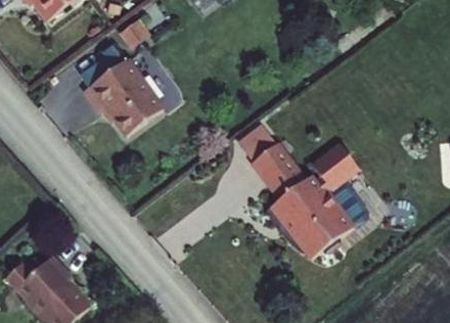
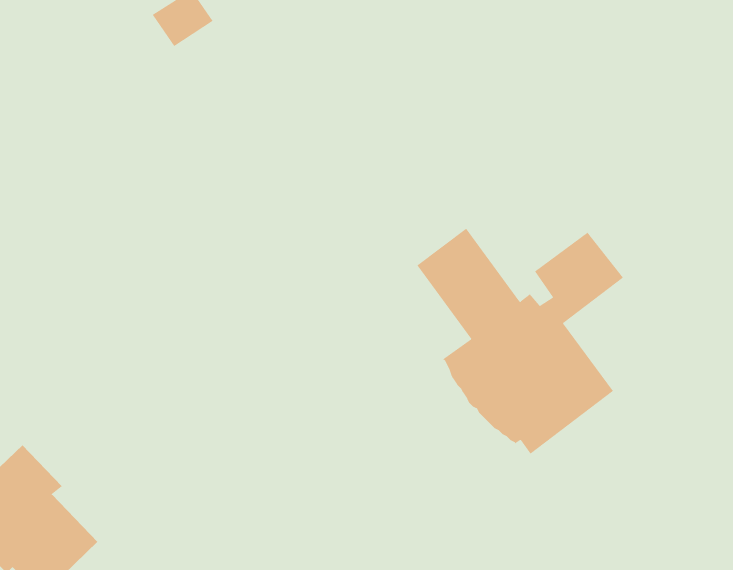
building: [87,55,165,131] -> none
building: [237,123,278,162] -> none

